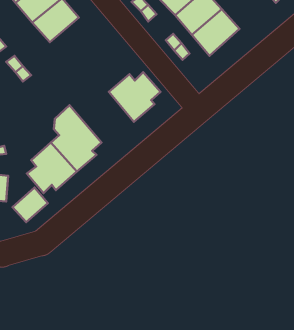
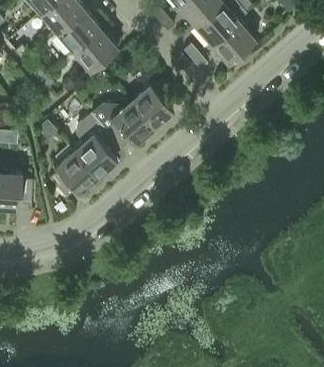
building: none -> [73,29,118,72]
building: none -> [92,101,154,150]
building: [13,187,48,222] -> none

